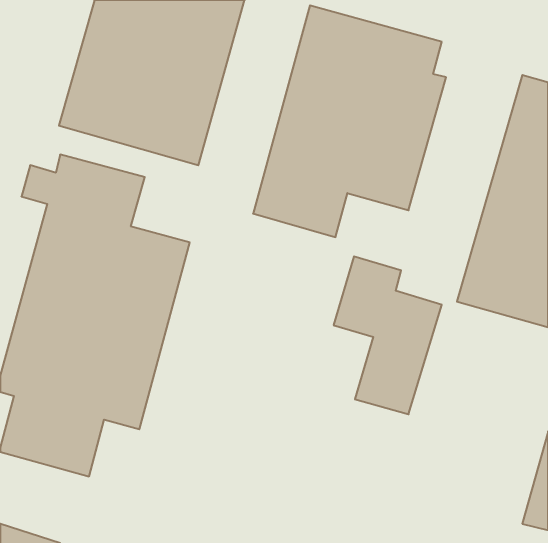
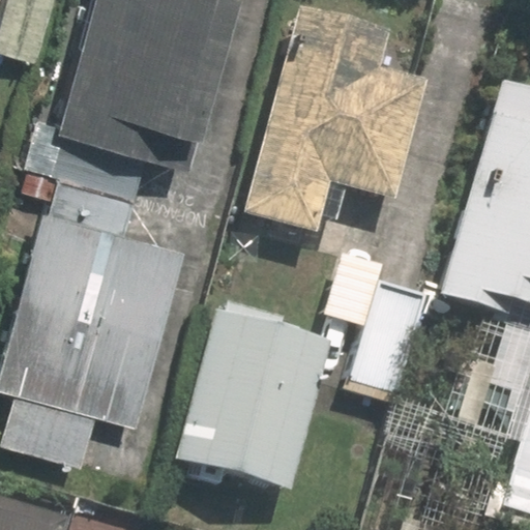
building: none -> [181,306,340,494]

